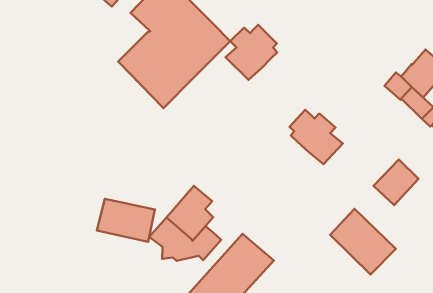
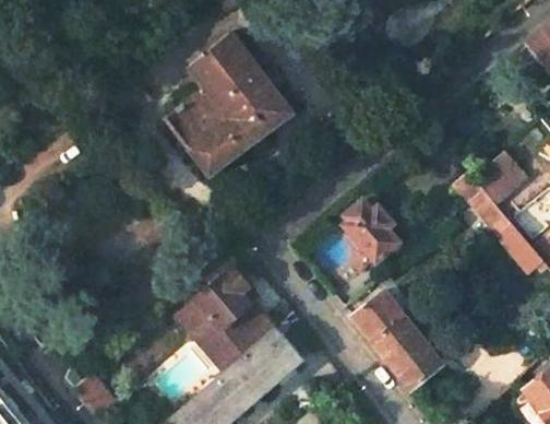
building: [225,25,277,80] -> none
building: [373,160,418,205] -> [352,292,403,341]
building: [97,199,155,242] -> none

